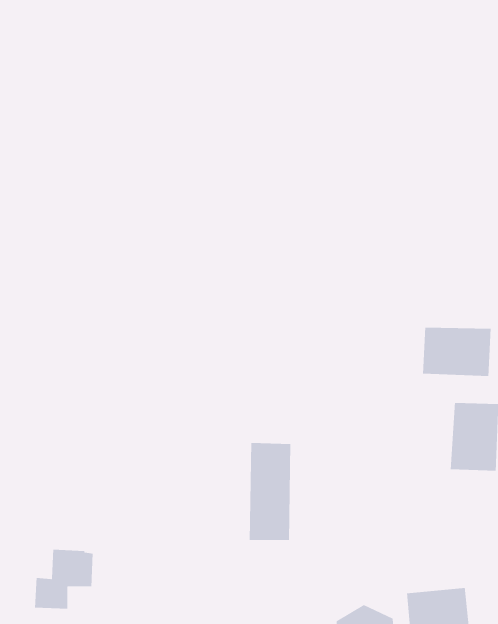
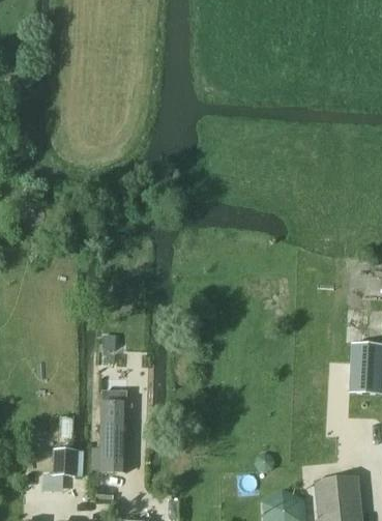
building: [422,327,492,377] -> none
building: [249,442,291,541] -> [98,402,129,474]

